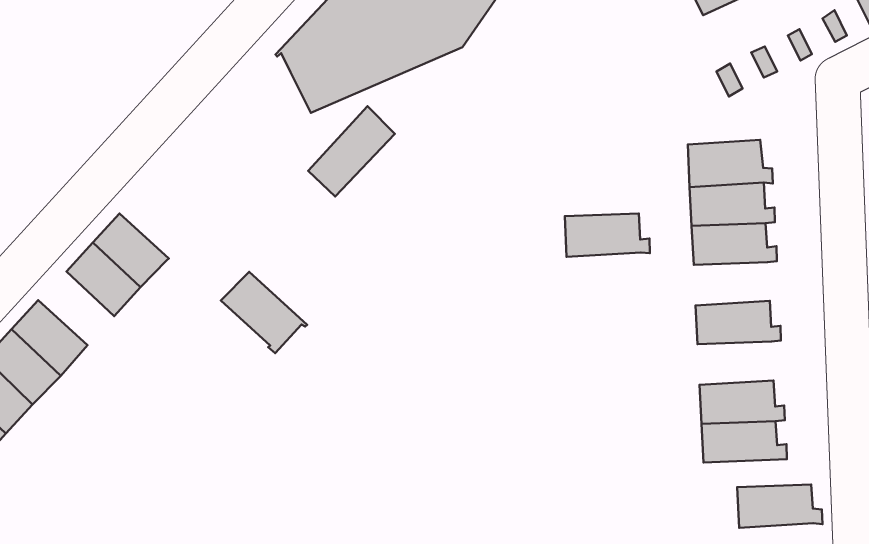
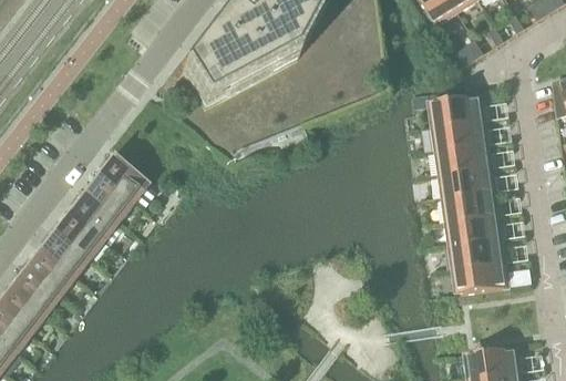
building: [308,106,395,196] -> none
building: [565,214,650,257] -> [444,168,497,198]
building: none -> [52,212,99,255]
building: [221,272,307,353] -> [96,155,150,203]
building: [737,484,822,528] -> [451,216,504,246]

